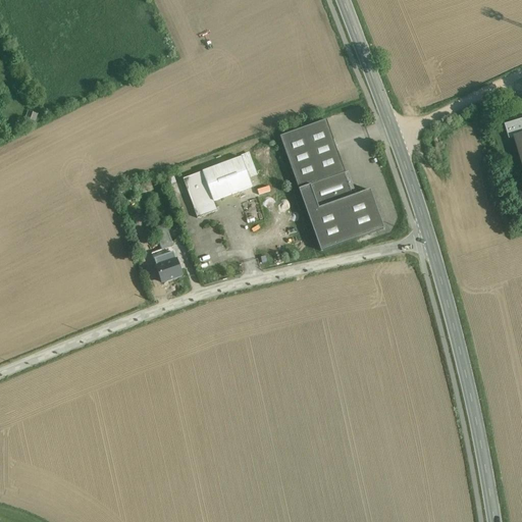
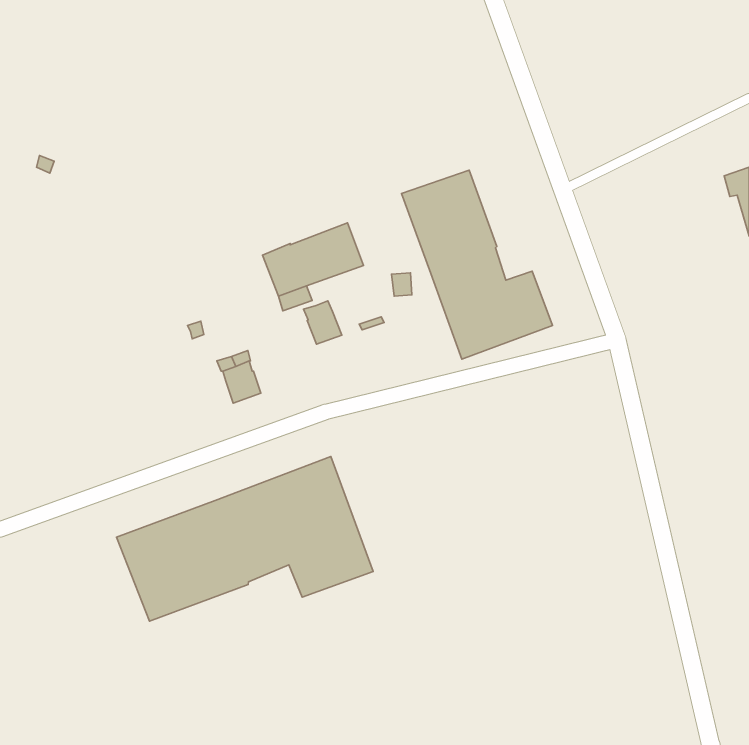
building: none -> [304,301,342,344]
building: none -> [117,457,373,621]

